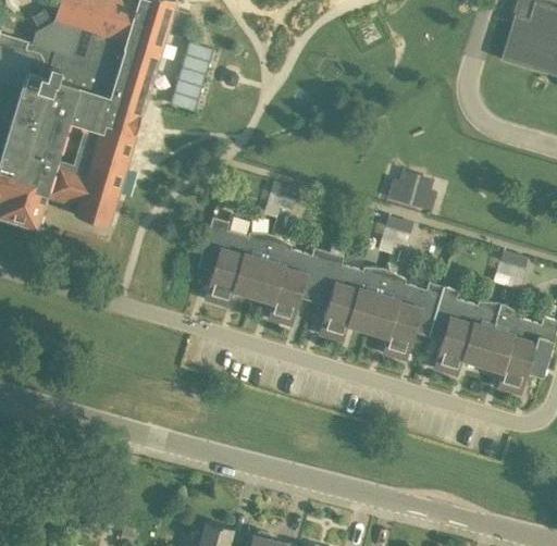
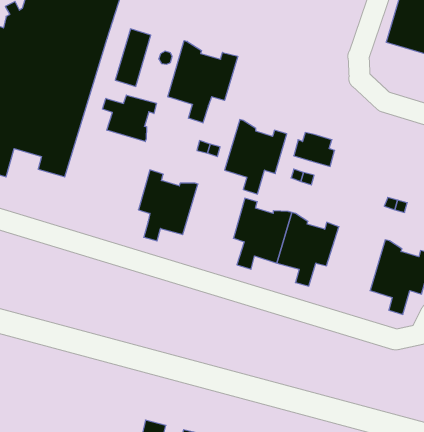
building: none -> [168,41,238,123]
building: none -> [103,95,156,142]
building: [251,236,327,327] -> [225,120,287,194]
building: [428,288,499,374] -> none

